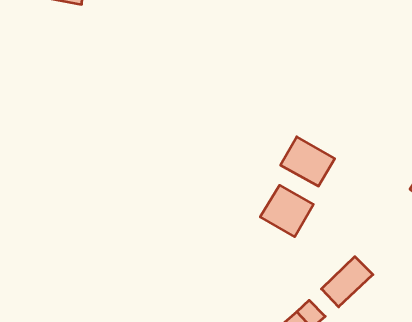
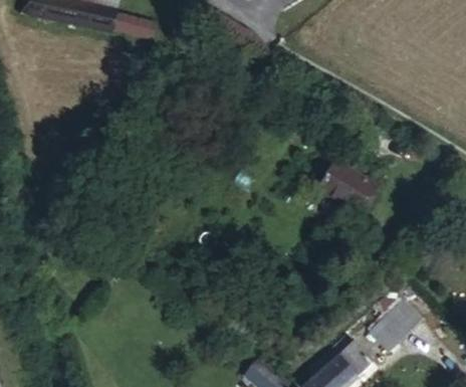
building: [260,185,313,237] -> none

